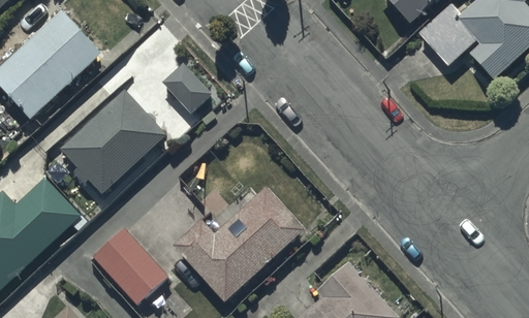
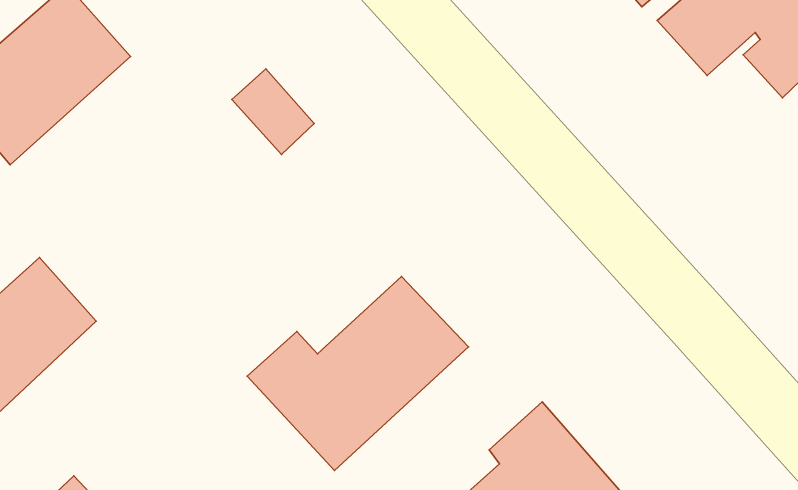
building: [59,90,167,195] -> none
building: [92,226,169,306] -> none

